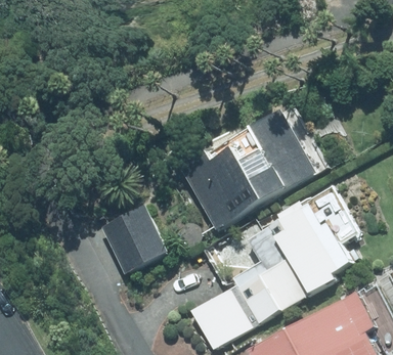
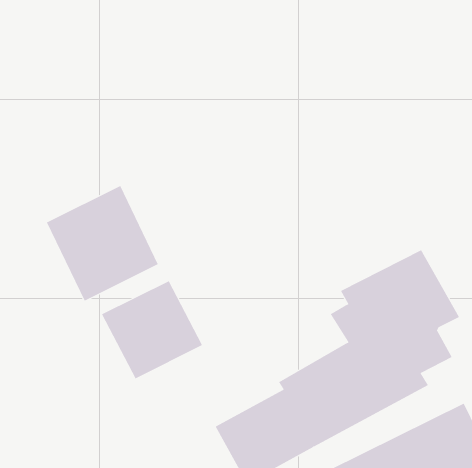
building: [184,114,319,231] -> none
building: none -> [46,185,158,301]

